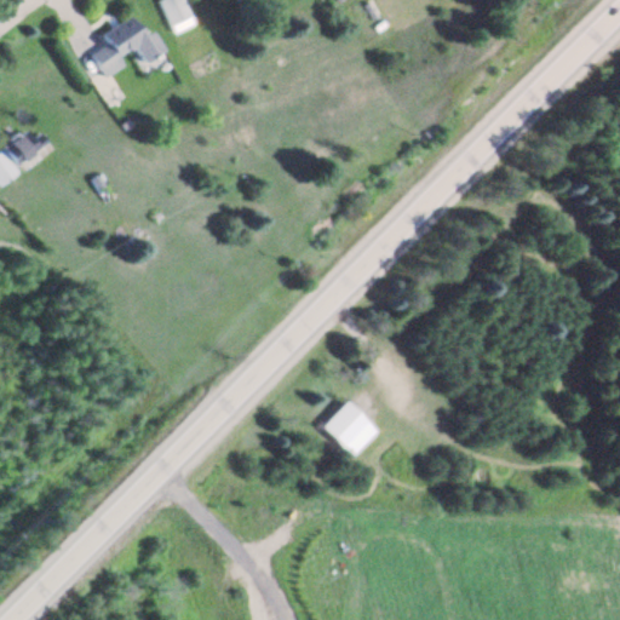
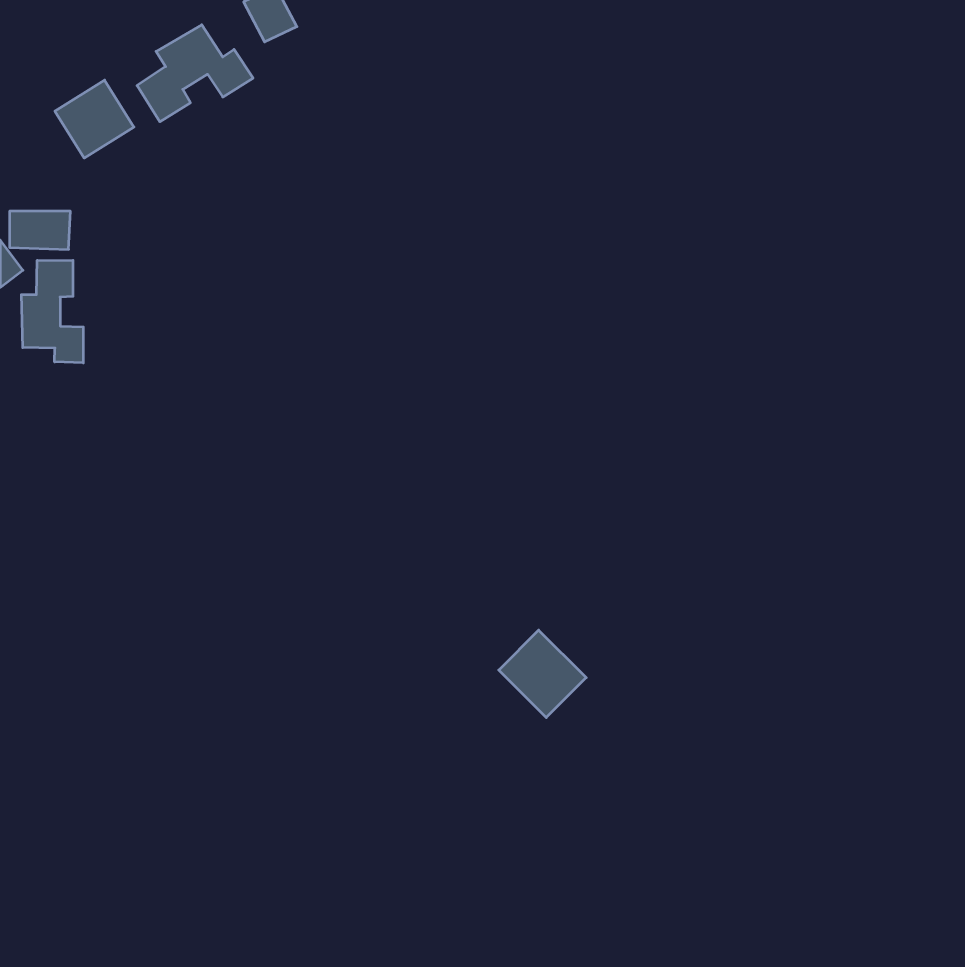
building: none -> [55,80,134,158]
building: none -> [21,260,83,363]

